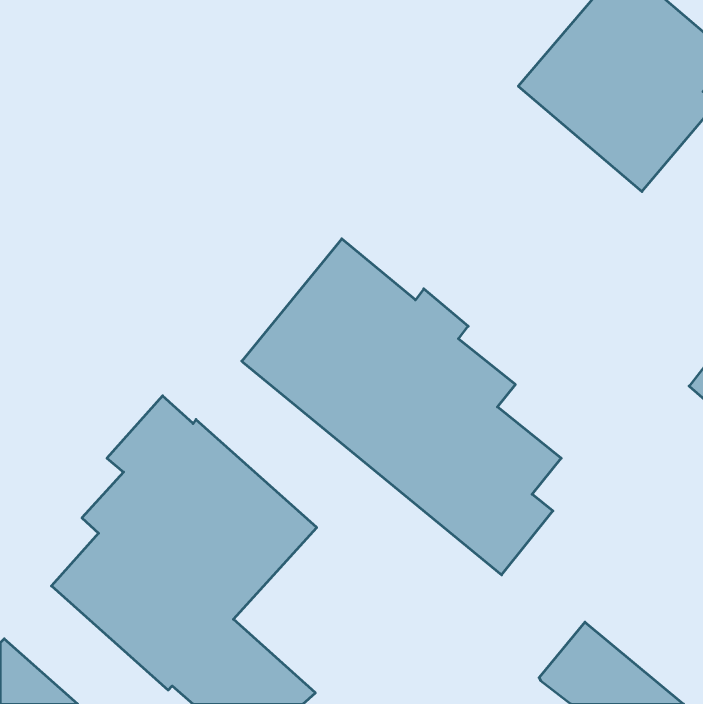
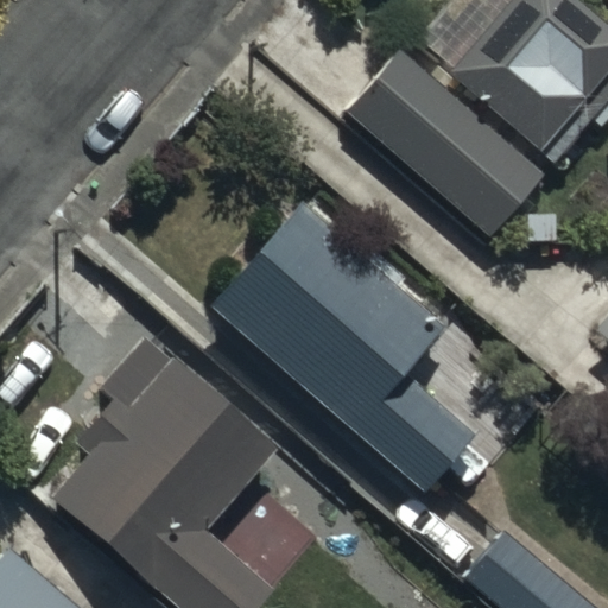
building: none -> [347,52,544,236]

